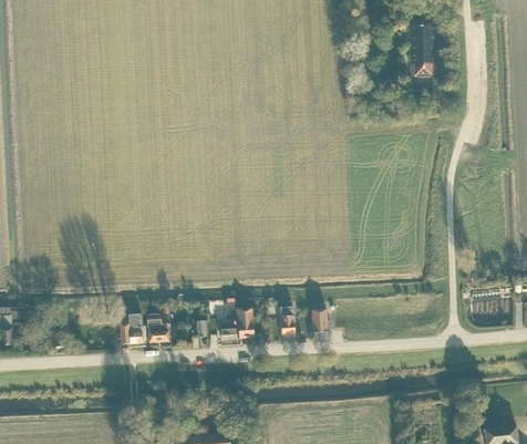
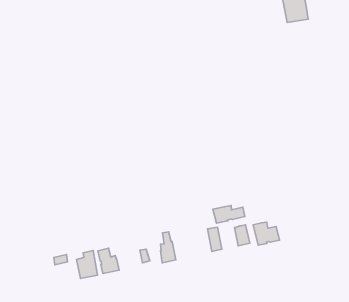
building: none -> [213,206,245,223]
building: [237,309,254,338] -> none
building: none -> [253,222,279,245]

